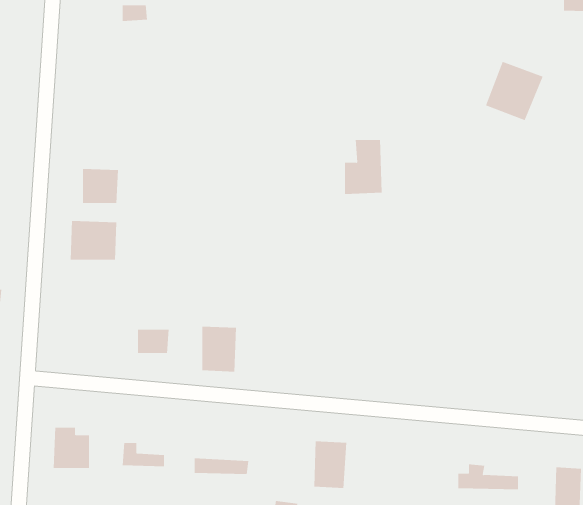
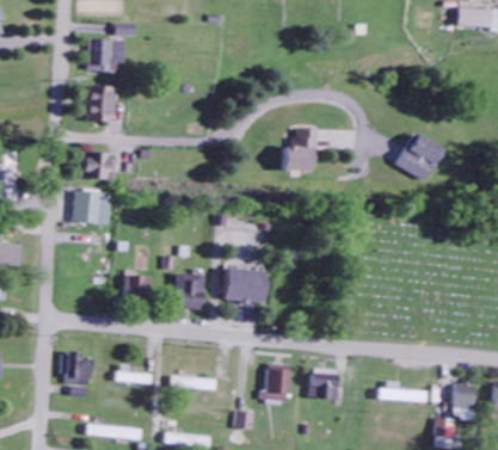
building: none -> [87,38,124,70]
building: [485,61,543,121] -> [401,132,447,179]
building: none -> [86,85,113,121]
building: none -> [227,269,268,302]
building: none -> [311,368,338,397]

